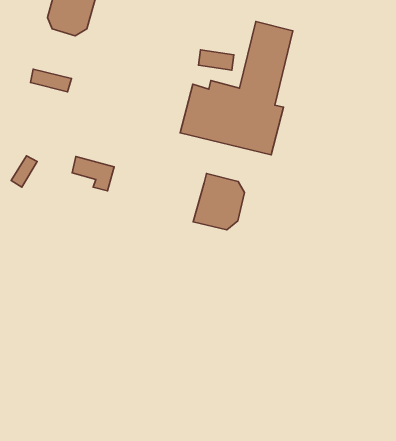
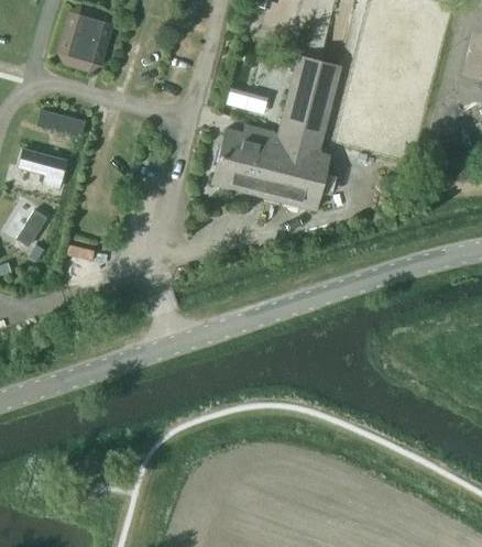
building: [72,157,114,191] -> [19,150,67,189]
building: [193,173,245,230] -> none

